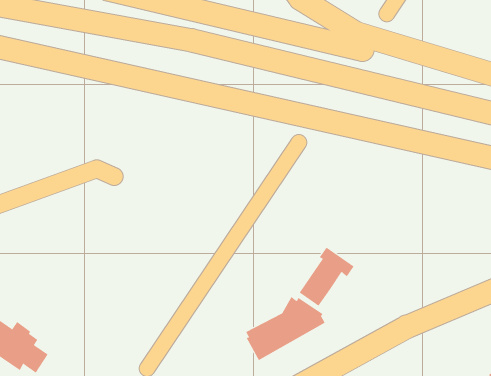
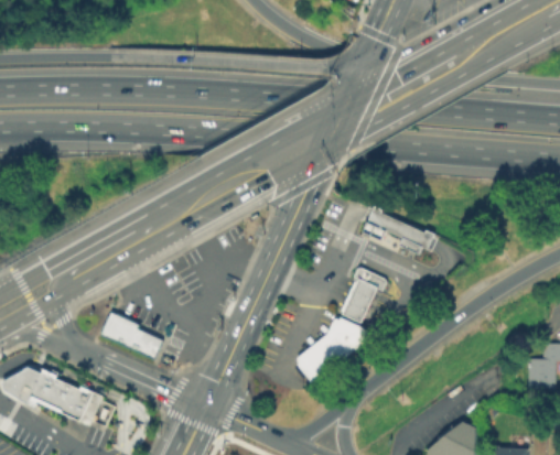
building: none -> [362,205,439,253]
building: none -> [100,313,162,359]

